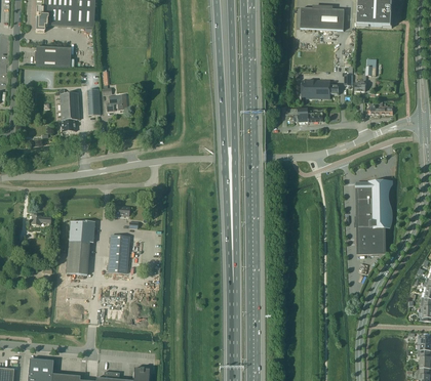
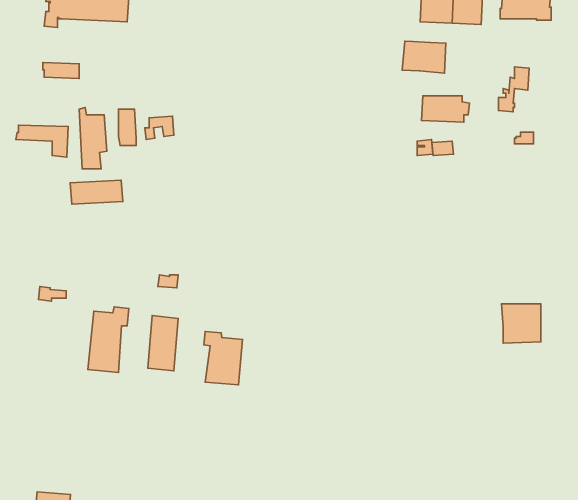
building: none -> [402,41,446,73]
building: [34,45,71,68] -> [16,125,68,157]
building: none -> [70,180,123,204]
building: [356,180,389,225] -> none
building: none -> [204,331,242,385]

